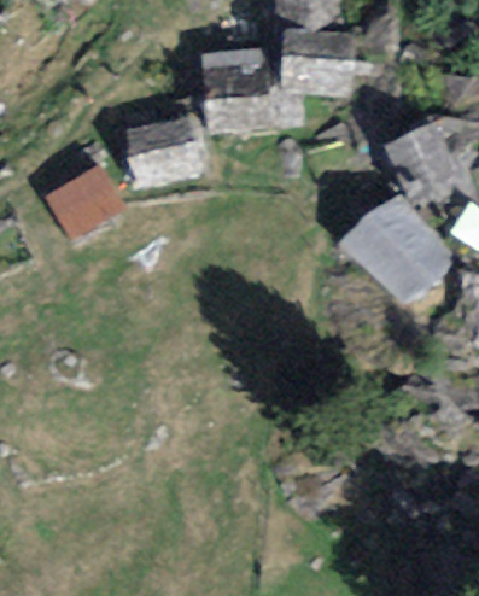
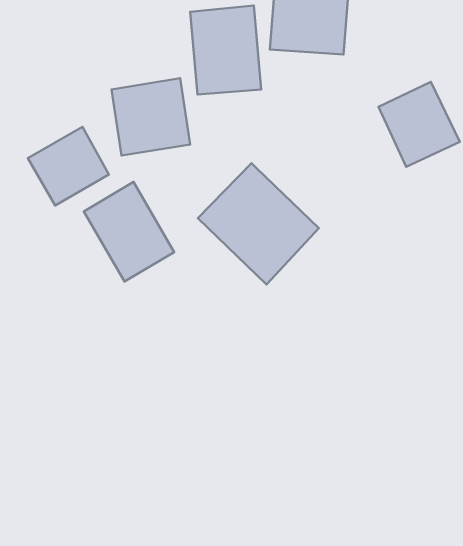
building: [341,188,458,305] -> [198,163,319,285]
building: none -> [84,182,174,282]

